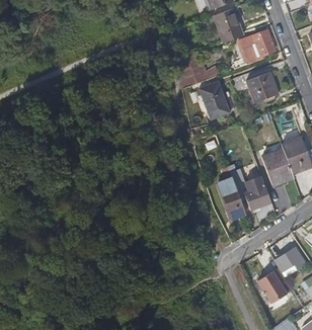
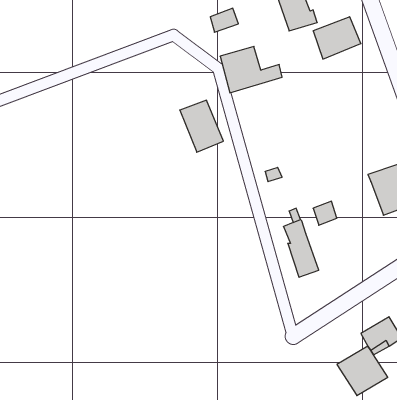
building: [244,70,278,102] -> none
building: [198,81,229,118] -> [180,100,223,152]
building: [260,149,293,185] -> none
building: [243,184,270,209] -> none

